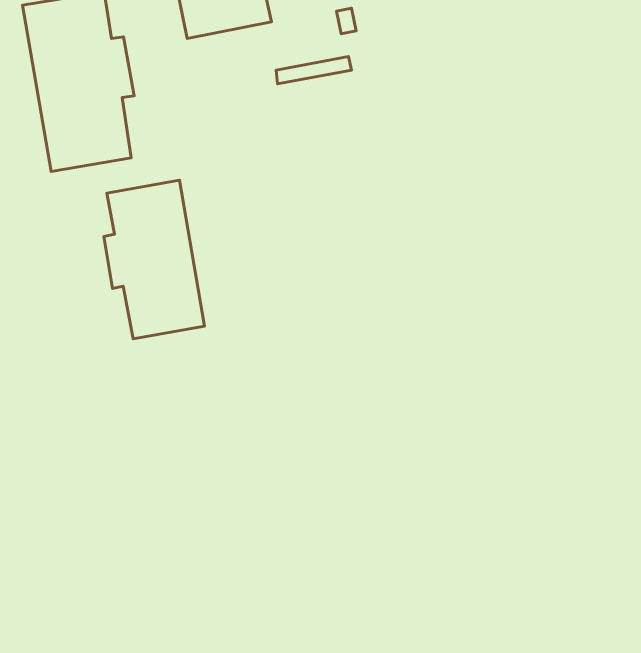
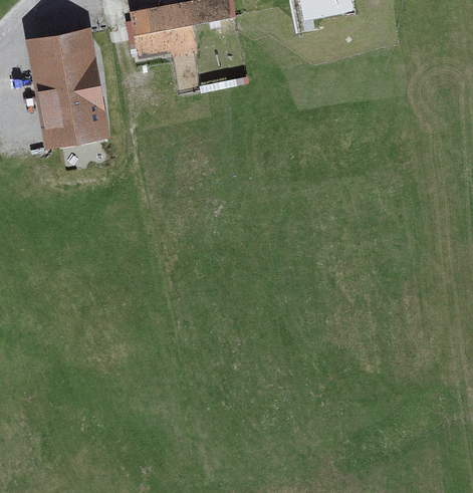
building: [104,180,205,339] -> none

